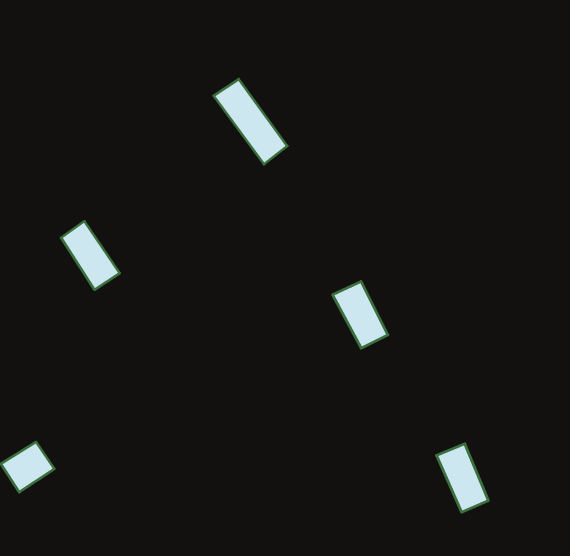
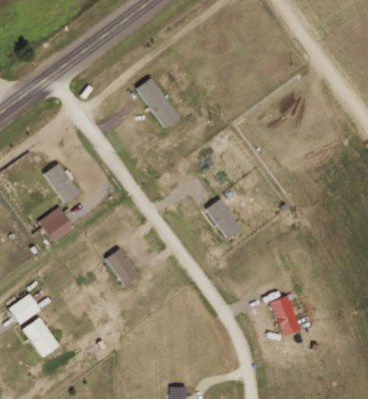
building: none -> [39,208,73,242]
building: none -> [106,248,137,286]
building: none -> [22,317,56,357]

